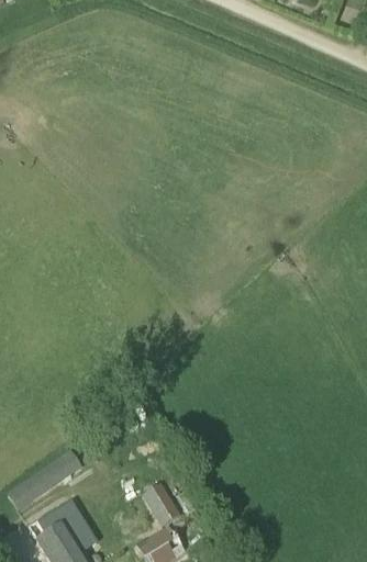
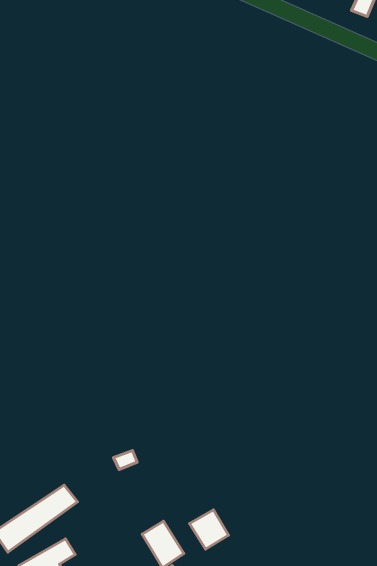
building: none -> [190,510,228,549]

